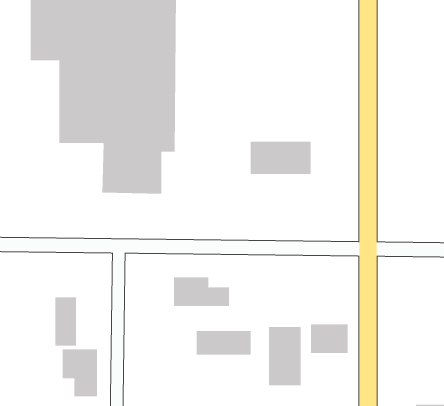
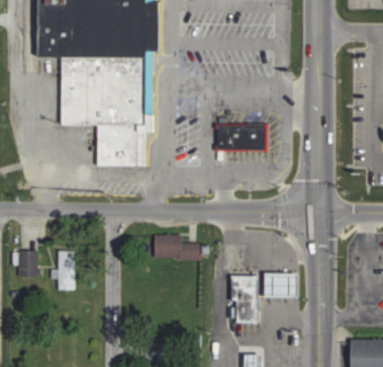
building: none -> [16,251,35,277]
building: [196,330,251,355] -> none
building: [62,348,97,397] -> none

